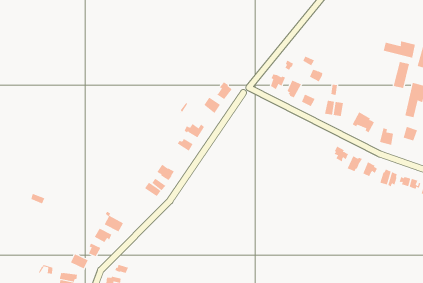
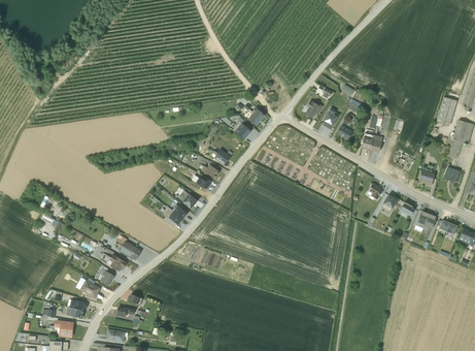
building: [383,41,416,59] -> none

